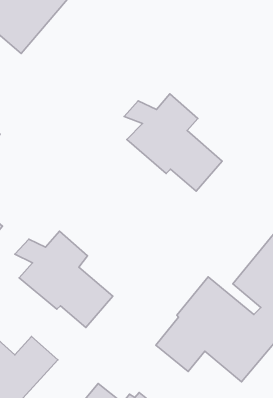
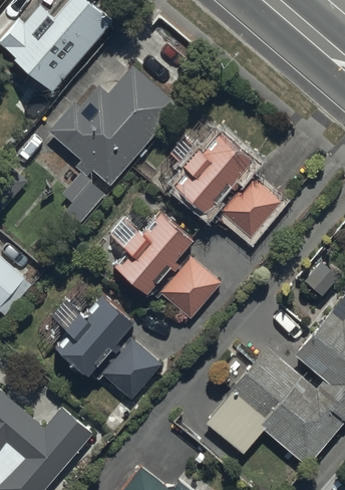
building: none -> [48,64,180,216]
building: none -> [109,215,221,325]

